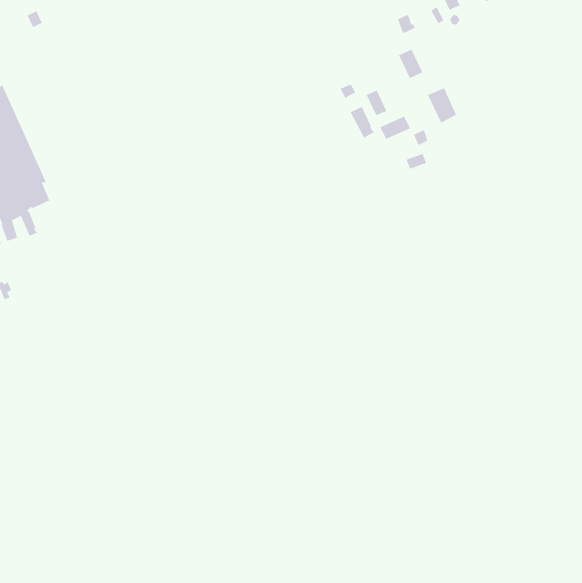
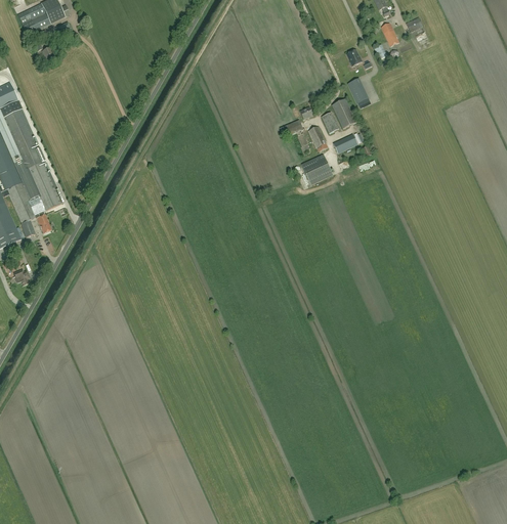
building: [427,88,457,124] -> [331,98,355,128]
building: none -> [301,154,333,184]

